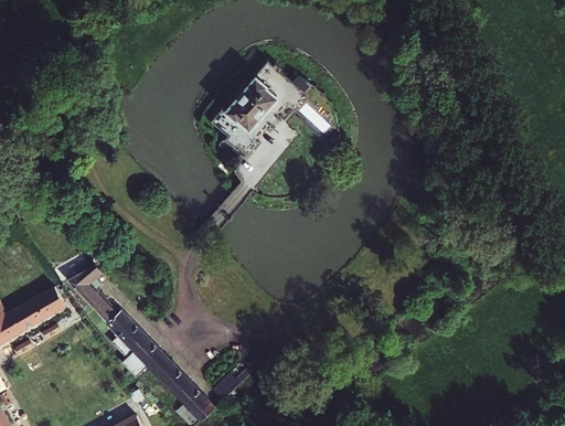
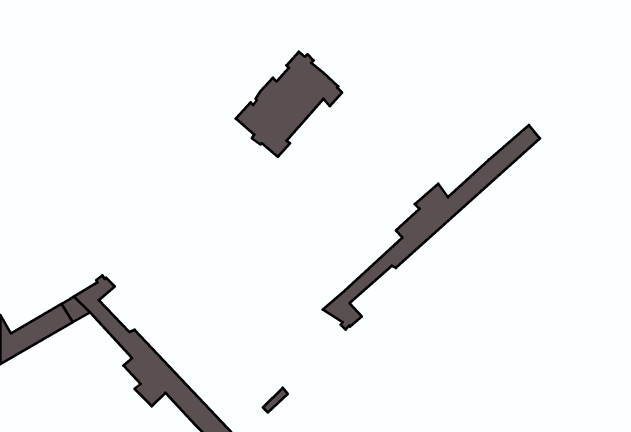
building: none -> [323,125,540,330]

